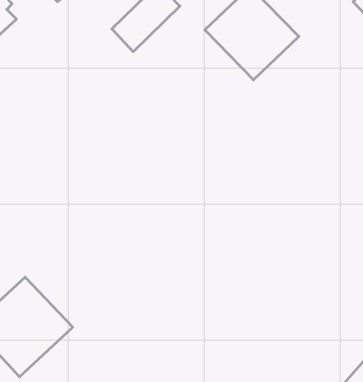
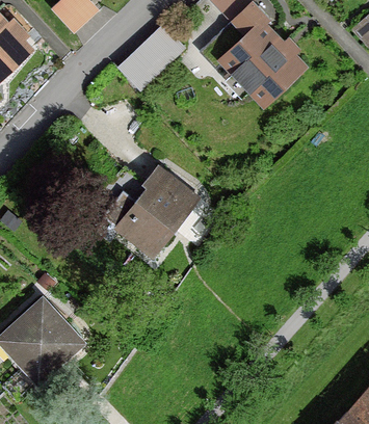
building: none -> [115,164,202,260]

